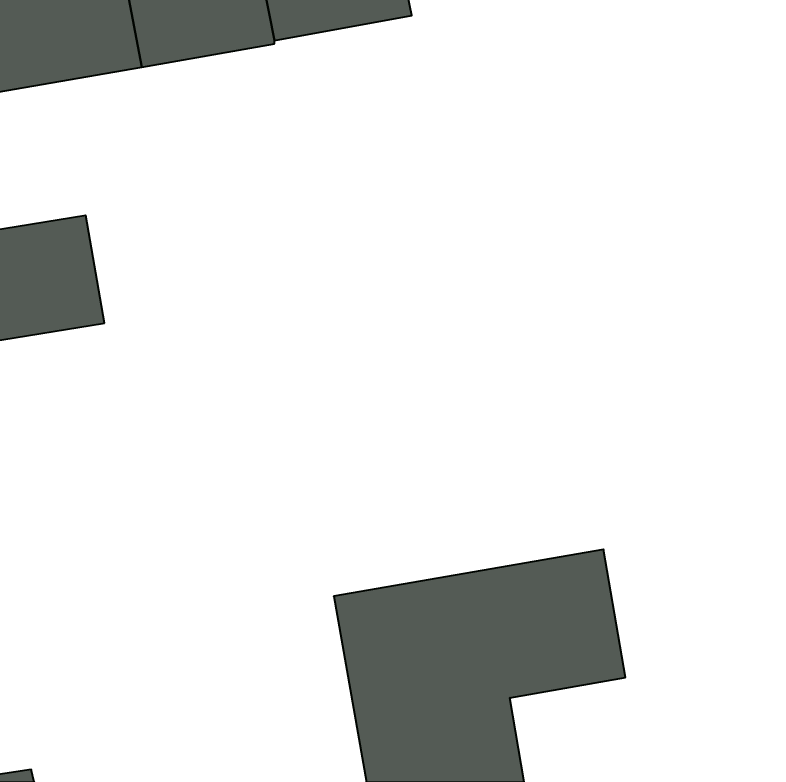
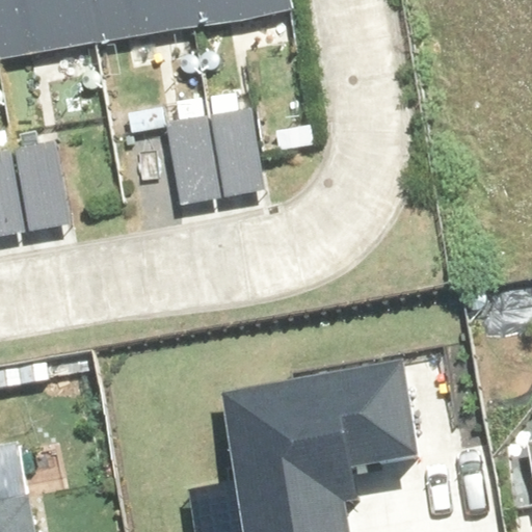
building: none -> [168,114,261,197]

